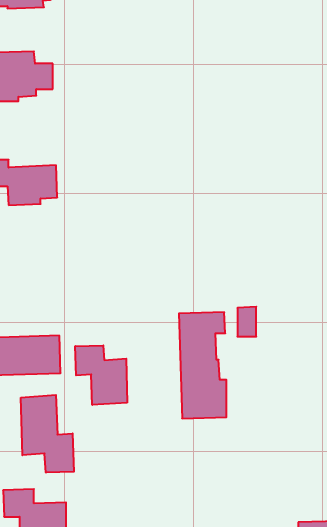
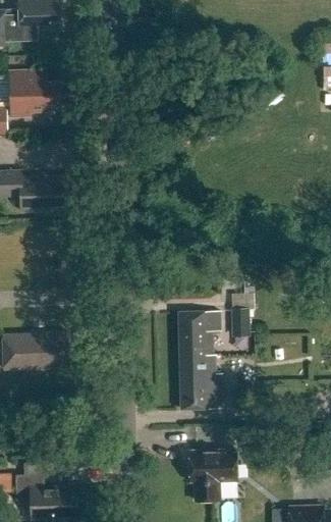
building: [75,345,127,405] -> none
building: [21,395,74,473] -> none
building: none -> [188,451,236,502]

